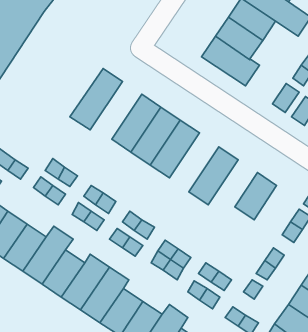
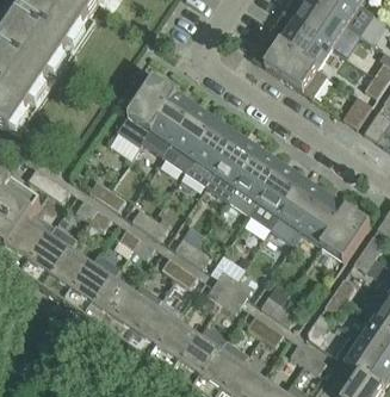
building: none -> [142,91,197,155]
building: none -> [228,148,283,213]
building: none -> [271,178,326,242]
building: none -> [322,206,370,260]

